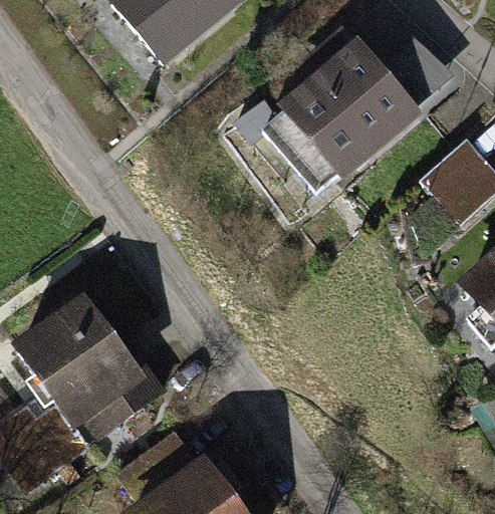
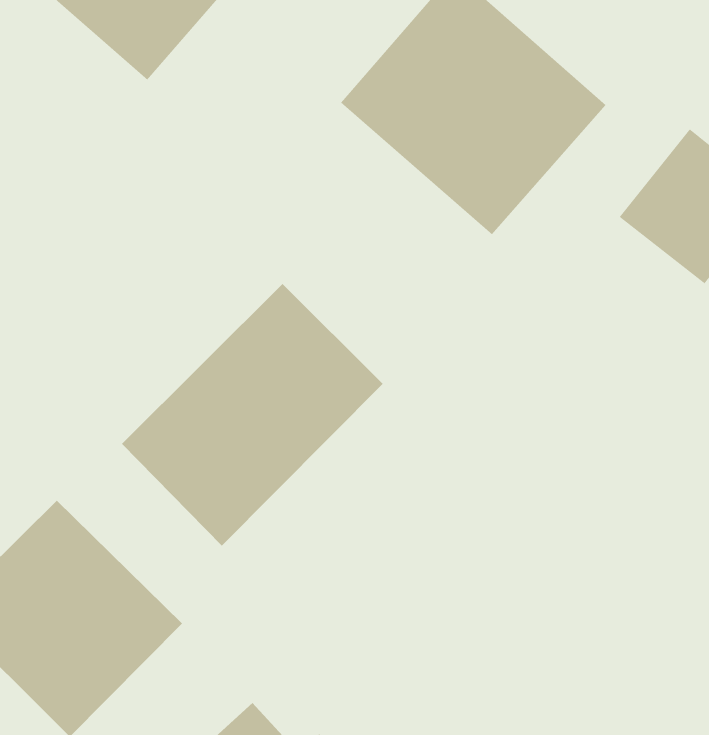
building: none -> [121,283,384,547]

